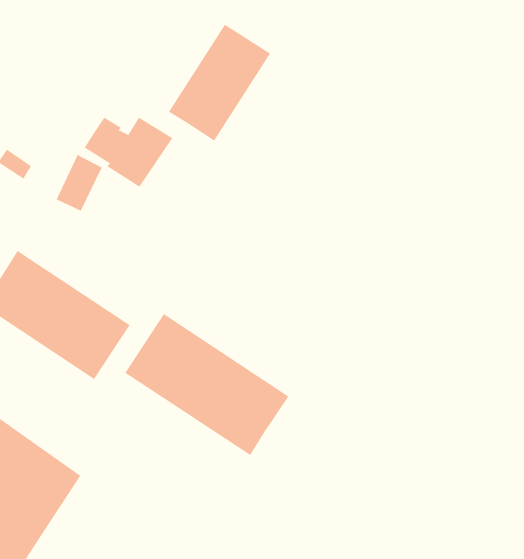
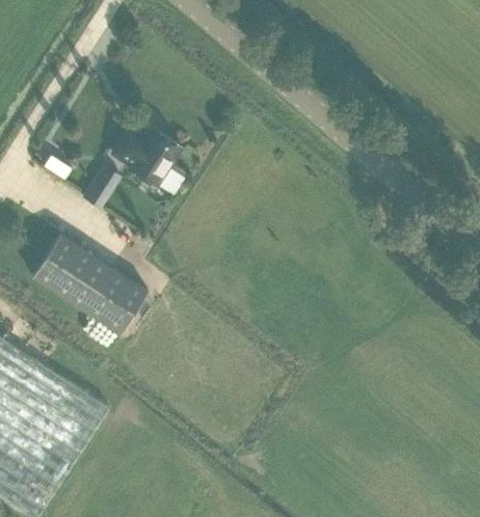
building: [168,24,271,142] -> none
building: [124,313,289,456] -> none

